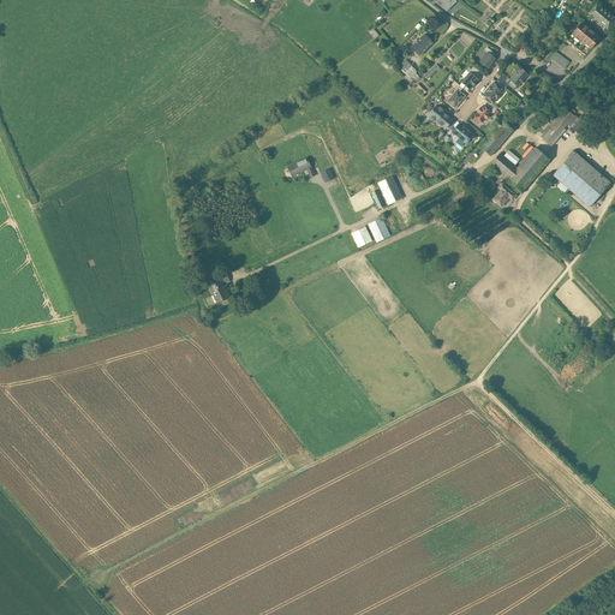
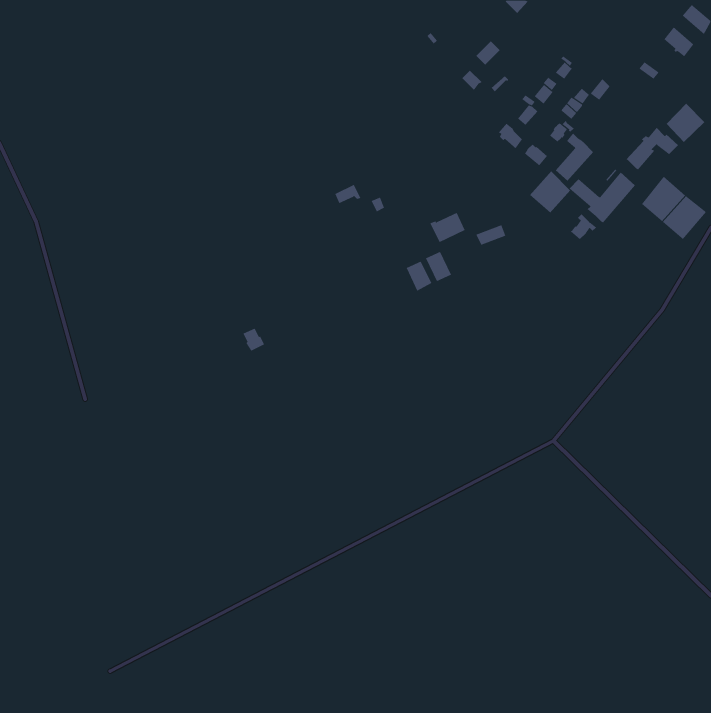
building: none -> [666,103,705,143]
building: none -> [529,170,571,214]

